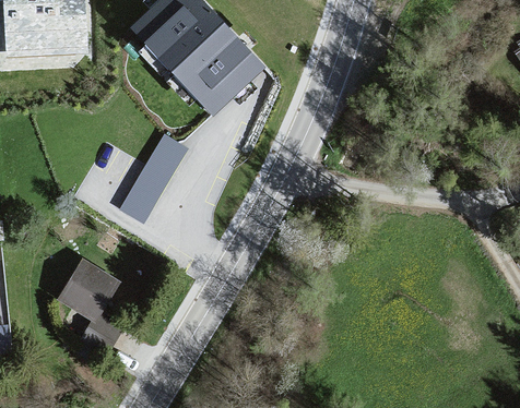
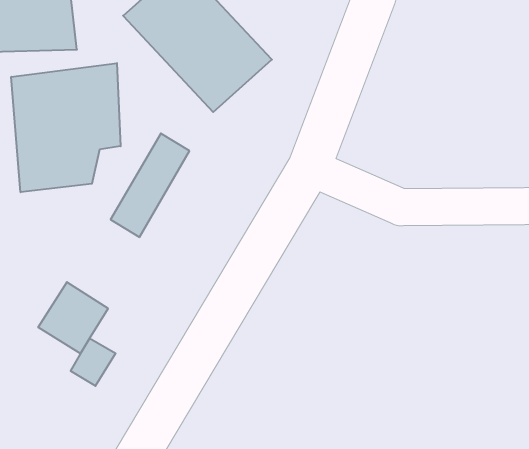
building: none -> [11,63,121,192]

